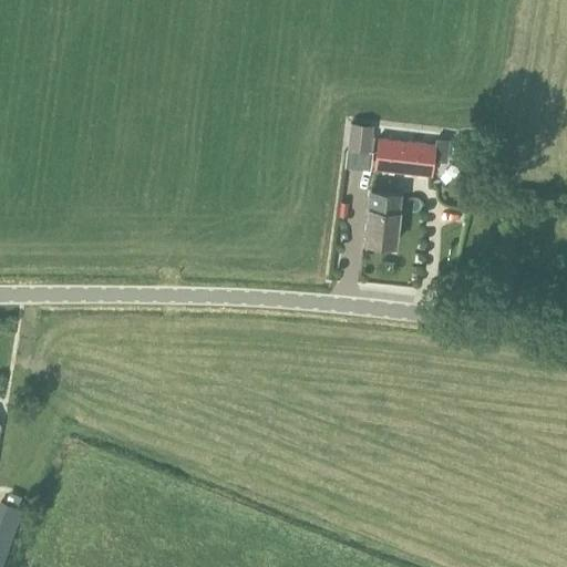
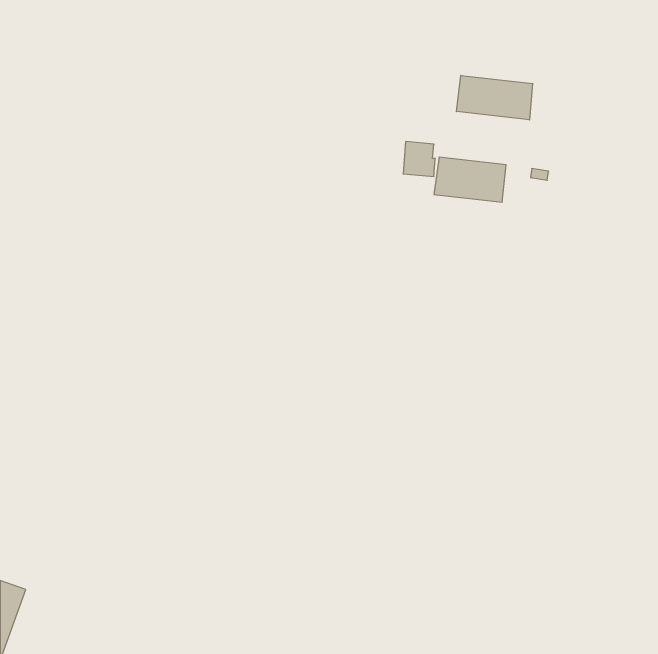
building: none -> [456,75,533,120]
building: [367,194,399,248] -> none

